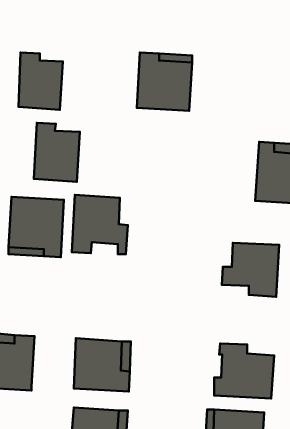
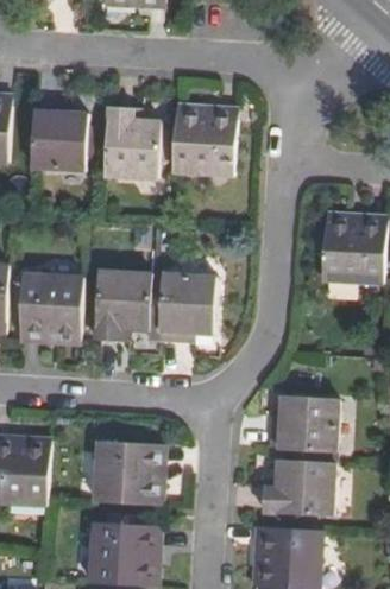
building: [34,123,80,182] -> [107,108,162,178]
building: none -> [151,276,215,343]
building: [222,243,279,297] -> [271,398,339,462]

